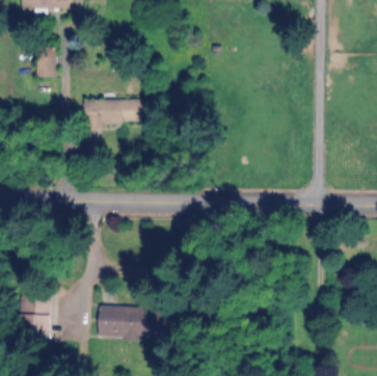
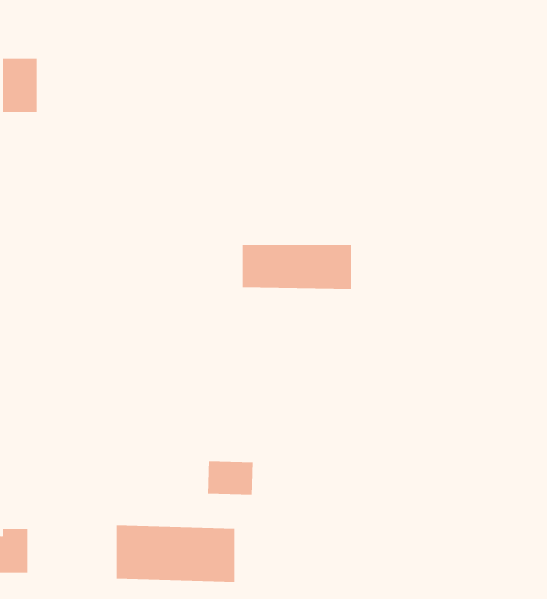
building: [85,99,146,124] -> [242,245,352,289]
building: none -> [208,460,253,496]

